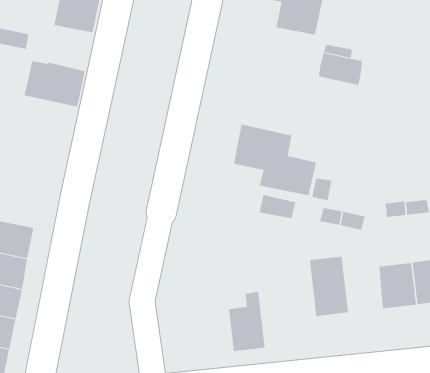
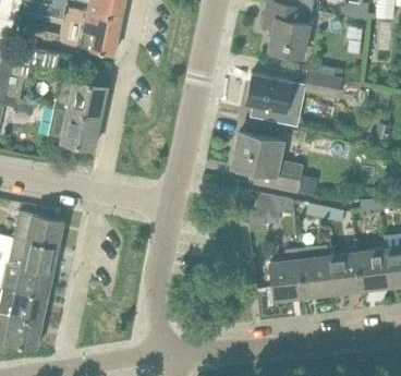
building: none -> [245,74,302,125]
building: none -> [47,109,100,149]
building: none -> [325,245,359,293]
building: [228,291,265,352] -> [270,248,302,300]

